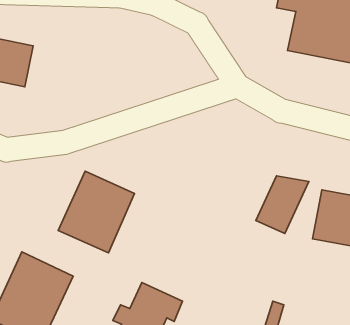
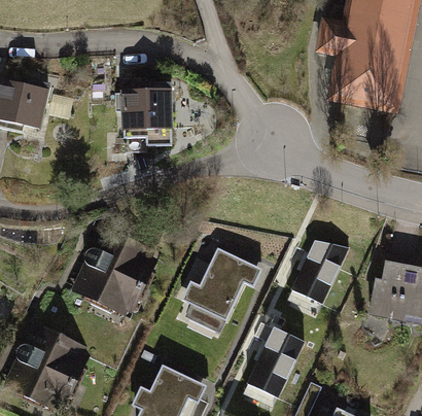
building: none -> [112,94,167,142]
building: none -> [186,245,260,324]
building: none -> [246,326,304,396]

